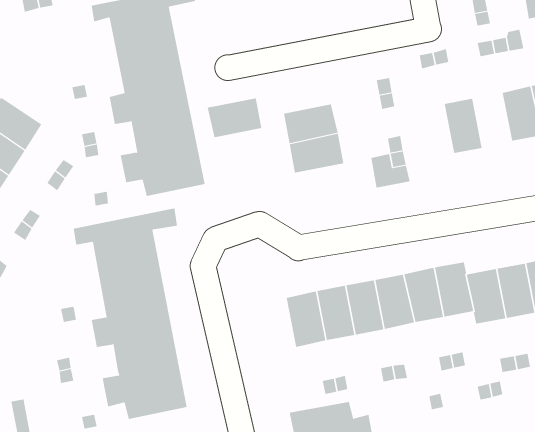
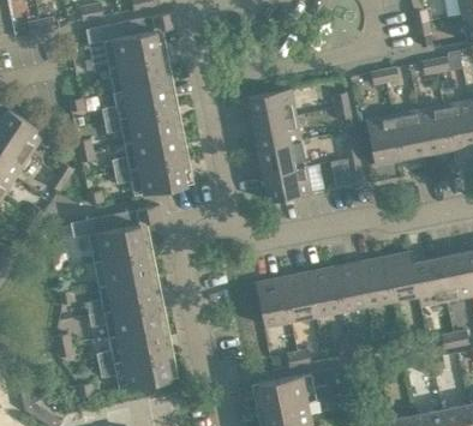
building: none -> [418,104,451,152]
building: [207,98,262,138] -> [247,88,295,122]
building: none -> [365,114,401,162]
building: none -> [263,166,311,200]

